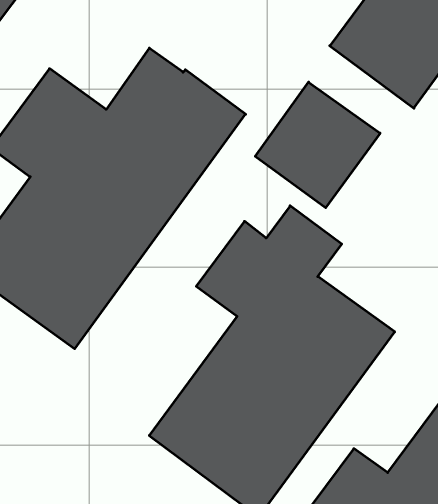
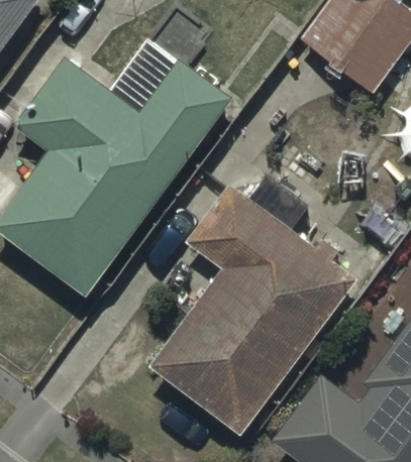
building: [255,82,380,208] -> none

